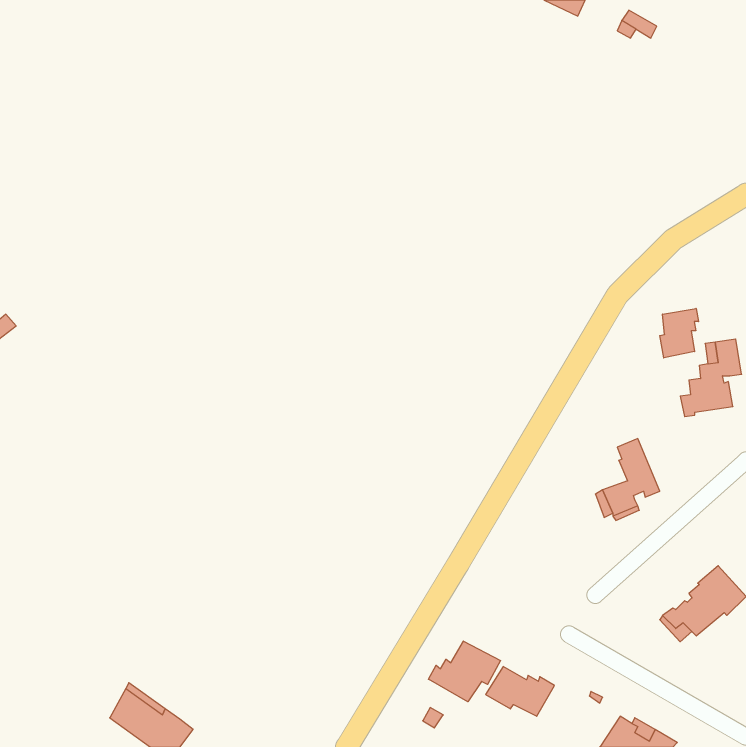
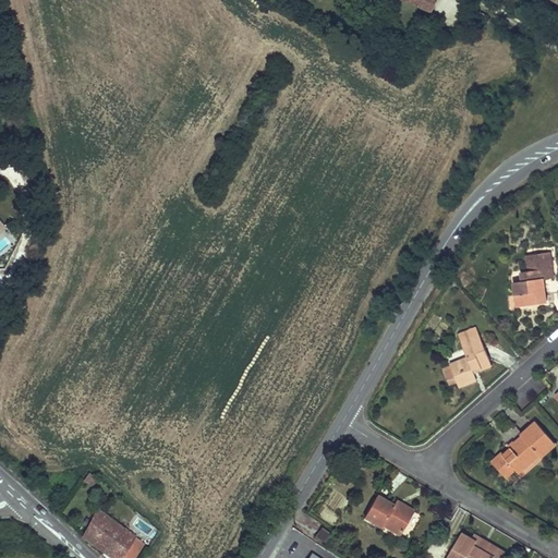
building: [660,308,699,358] -> none
building: [428,641,501,702] -> none

